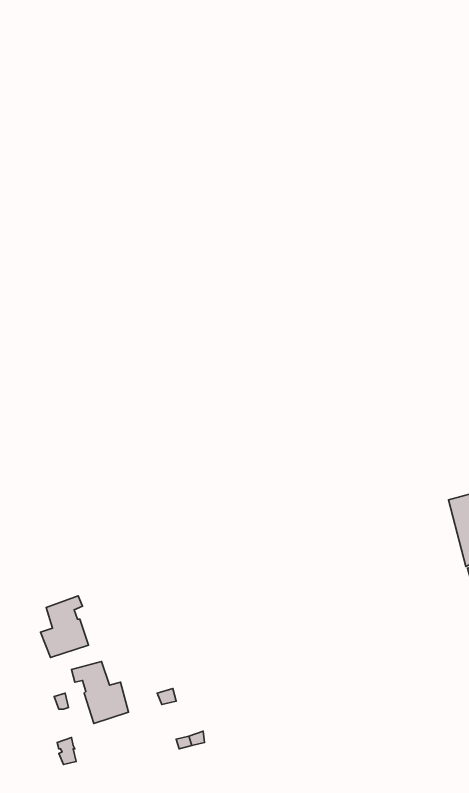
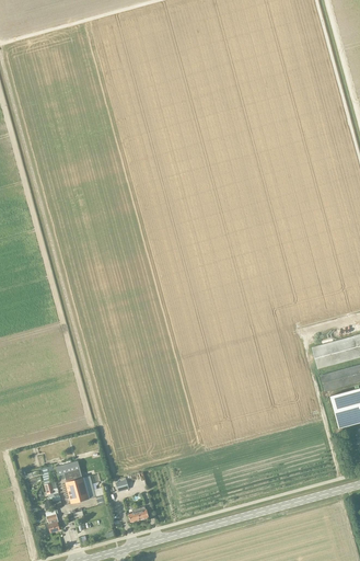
building: [41,596,88,657] -> none

